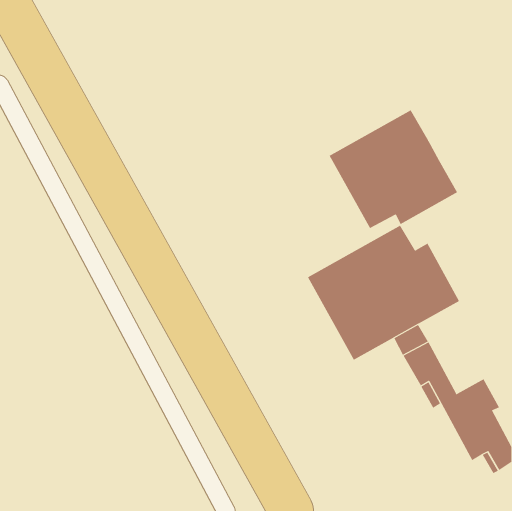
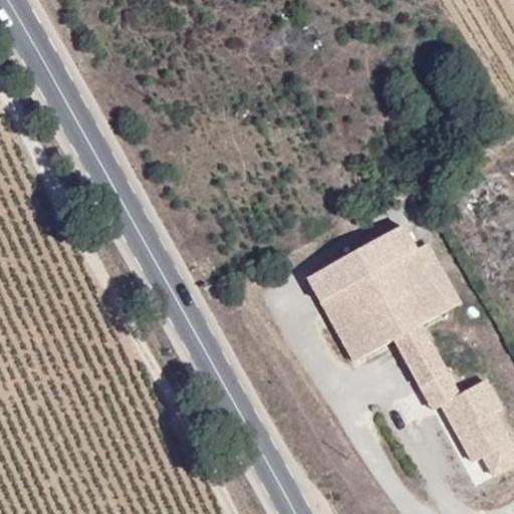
building: [329,109,458,229] -> none

